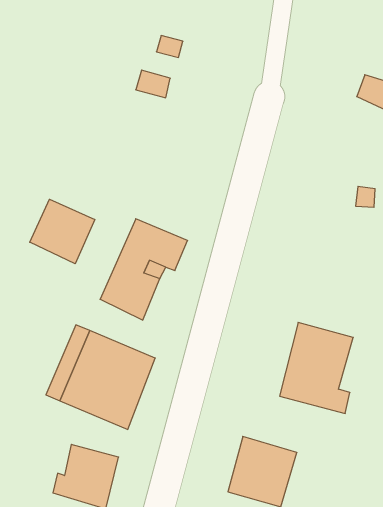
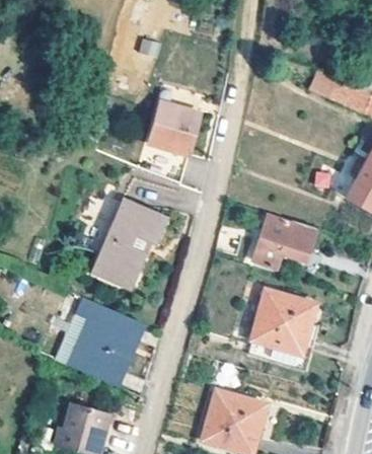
building: none -> [151,103,201,155]
building: [30,199,95,264] -> none
building: none -> [253,216,318,267]

